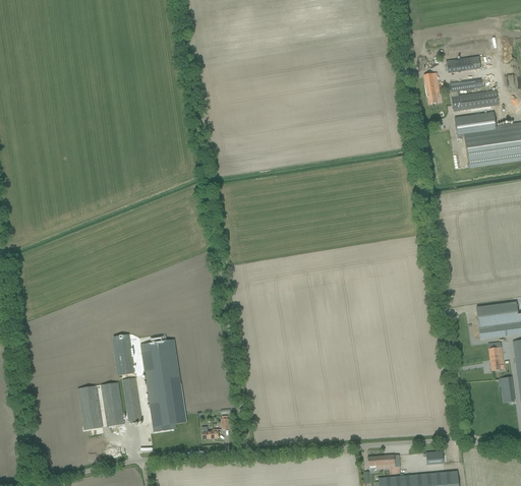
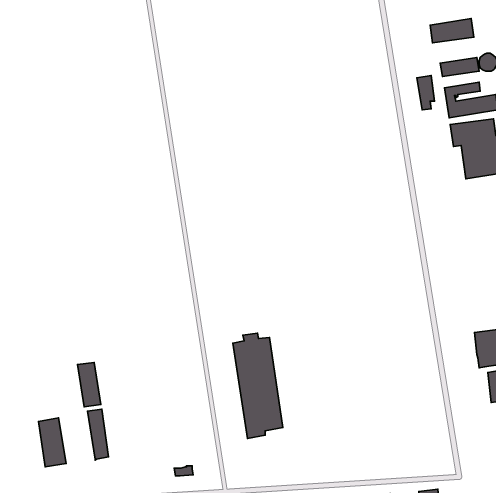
building: none -> [430,19,474,43]
building: [140,336,186,432] -> [233,333,283,439]
building: [101,382,124,426] -> none

